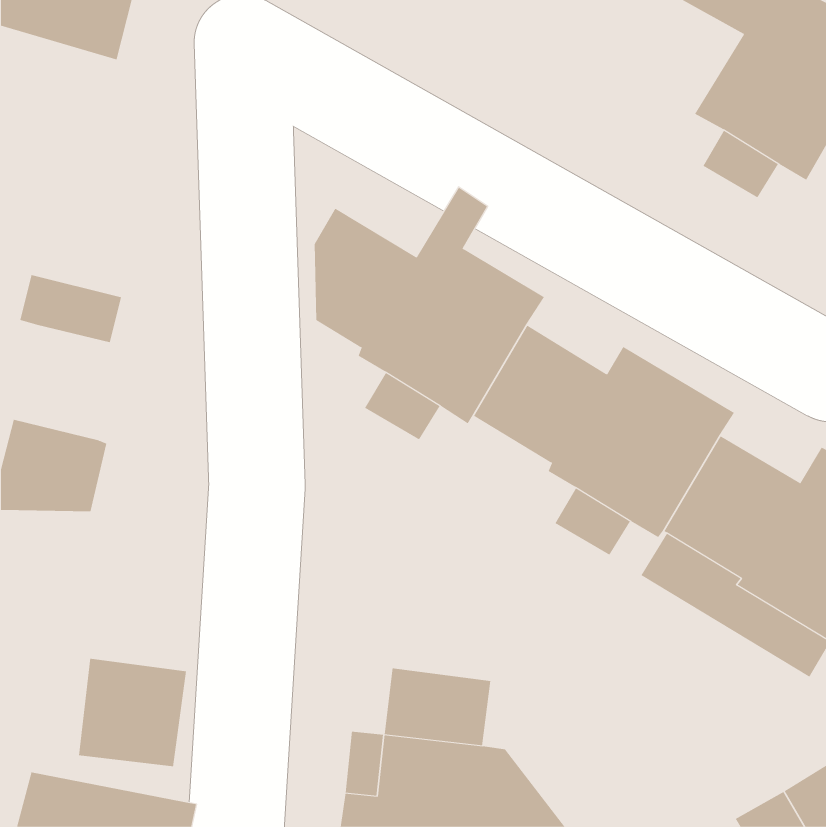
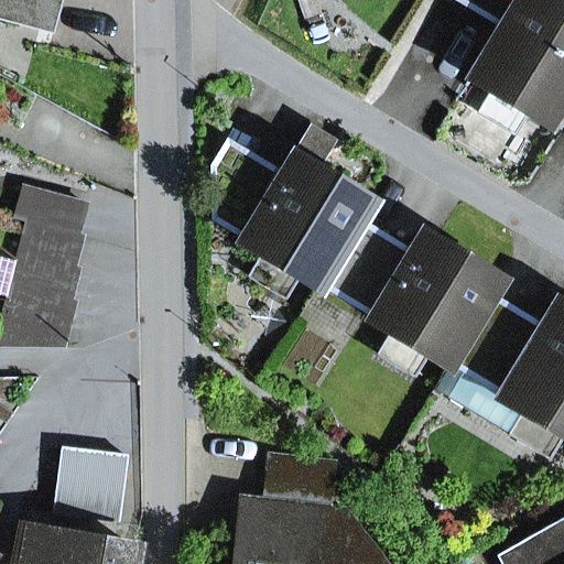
building: none -> [12,220,84,299]

